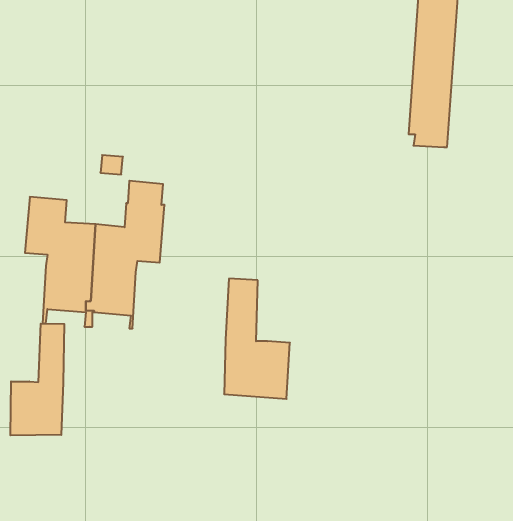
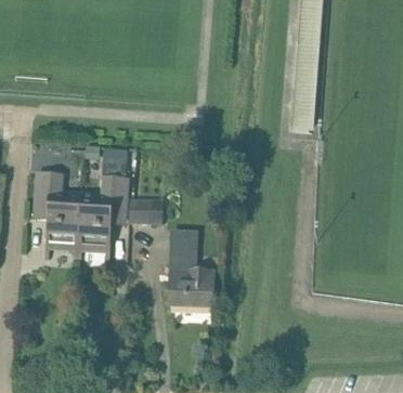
building: none -> [129,197,162,223]
building: [10,324,64,435] -> none

